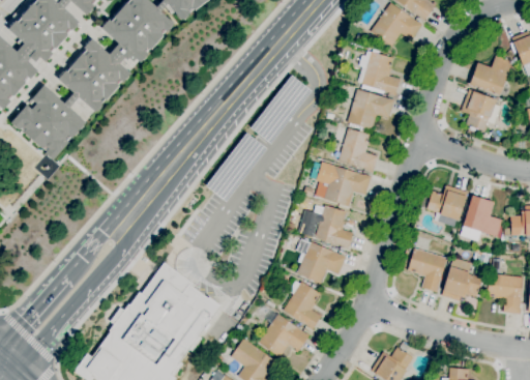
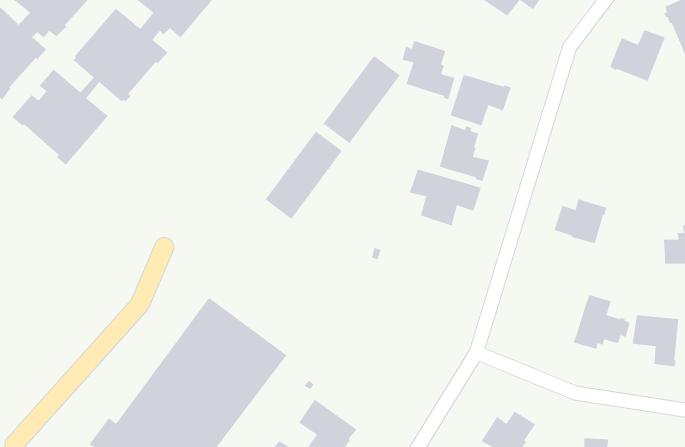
building: [358,51,400,97] -> [402,40,456,101]
building: [461,90,501,131] -> none
building: [461,196,502,241] -> none
building: [311,205,354,250] -> none
building: [296,242,347,285] -> none
building: [408,249,447,293] -> none
building: [283,282,321,331] -> none
building: [258,314,310,358] -> none

